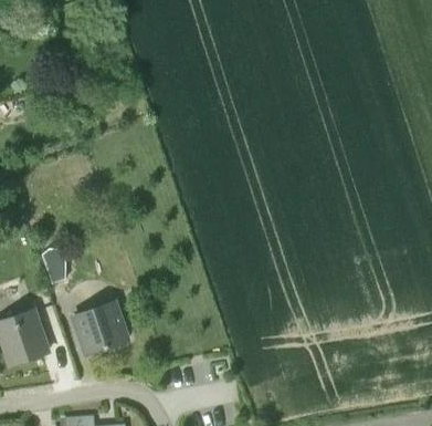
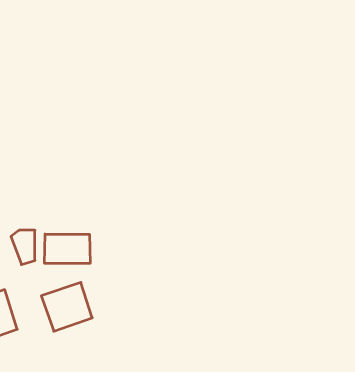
building: none -> [45,234,90,263]

